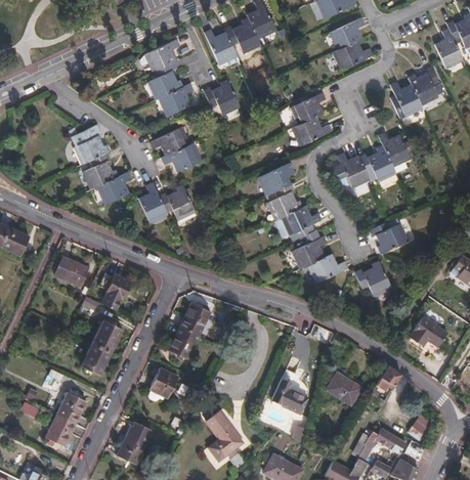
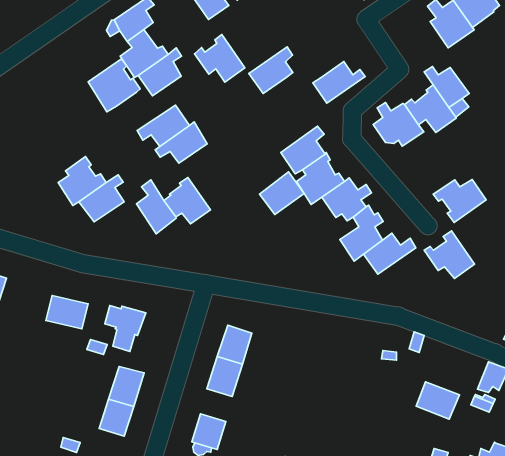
building: [290,92,326,125] -> [249,47,293,94]
building: [71,127,110,166] -> [88,59,140,112]
building: none -> [260,172,304,214]
building: [272,370,309,413] -> none

